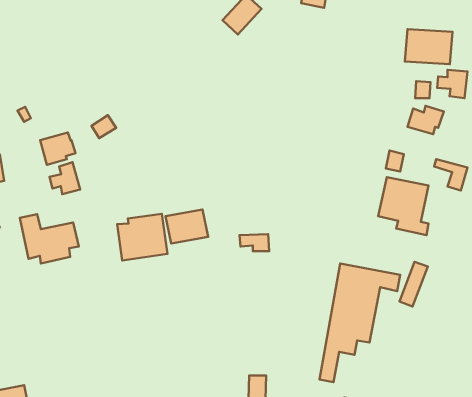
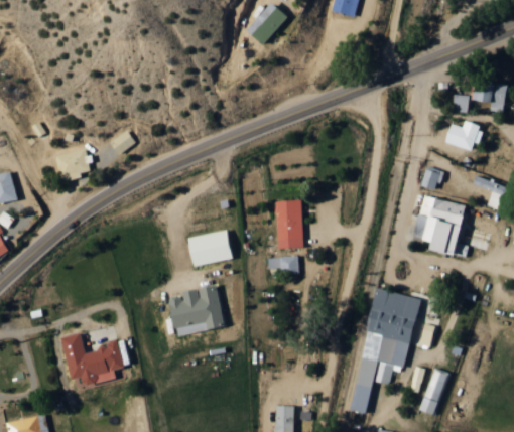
building: [405,29,453,64] -> none
building: [49,162,80,194] -> none
building: none -> [276,200,302,248]
building: [117,214,168,260] -> [170,286,224,335]
building: [20,214,79,263] -> [61,333,124,386]
building: [399,262,428,306] -> [418,368,448,415]

